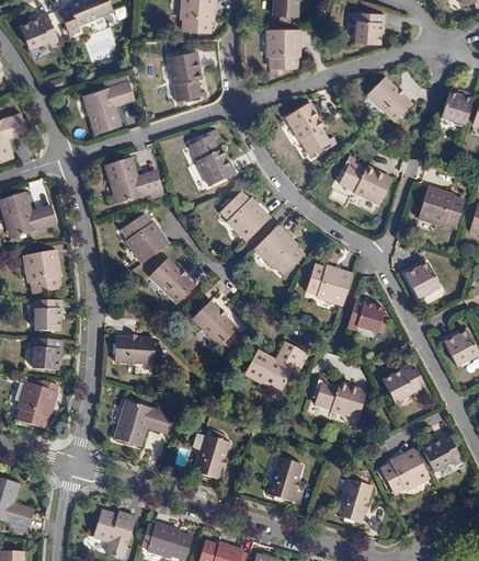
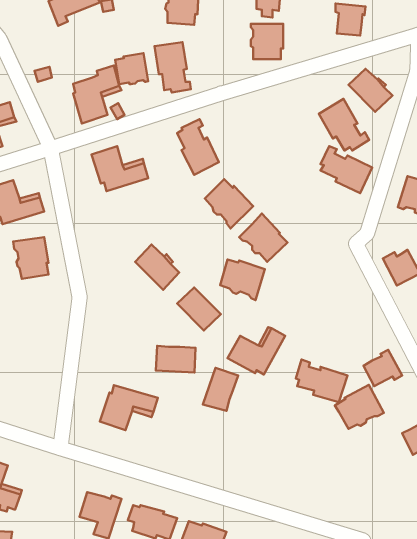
building: [21,12,59,48] -> none
building: none -> [115,53,148,84]
building: [285,102,337,154] -> [319,99,369,150]
building: [122,213,169,263] -> none
building: [306,265,352,307] -> [220,259,265,300]
building: [347,298,388,333] -> none
building: [31,301,61,330] -> none
building: [114,336,155,364] -> [156,346,196,373]
building: [30,340,61,369] -> none
building: [16,381,57,428] -> none
building: [193,435,229,479] -> [203,368,238,411]
building: [379,449,430,494] -> [335,385,384,429]
building: [266,458,301,502] -> none
building: [337,480,372,524] -> none

